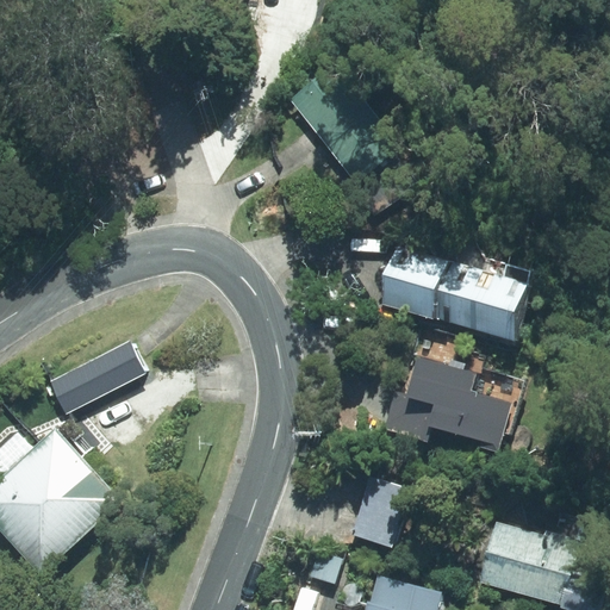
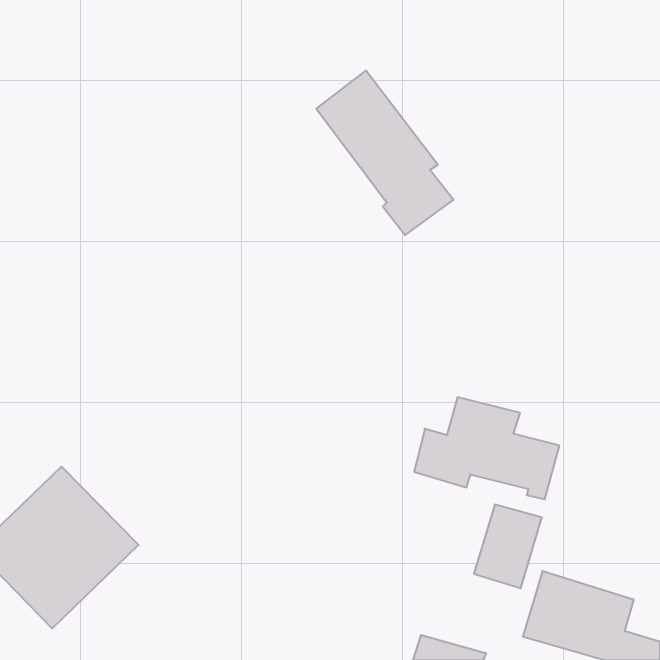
building: [378,248,529,344] -> none
building: [49,330,143,400] -> none
building: [347,474,409,550] -> [474,505,542,588]

